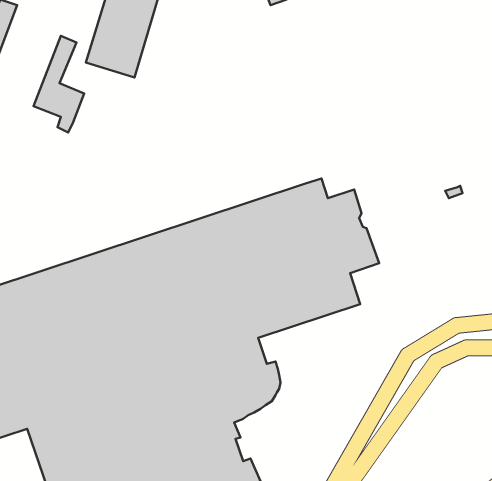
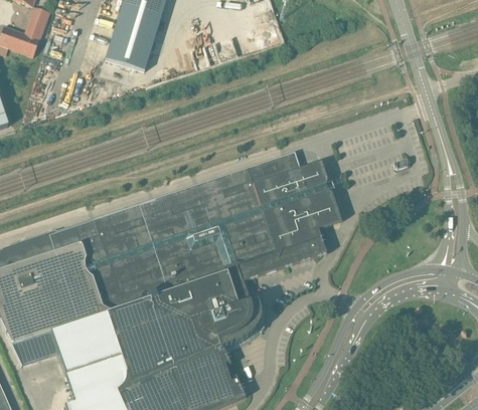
building: [34,36,84,133] -> none

